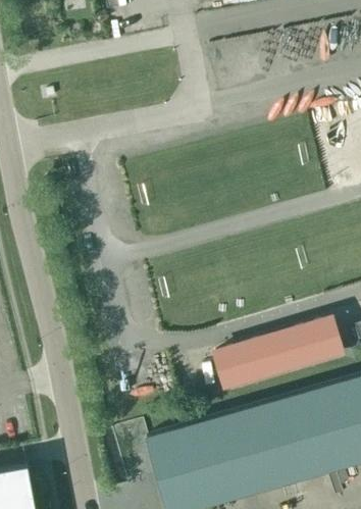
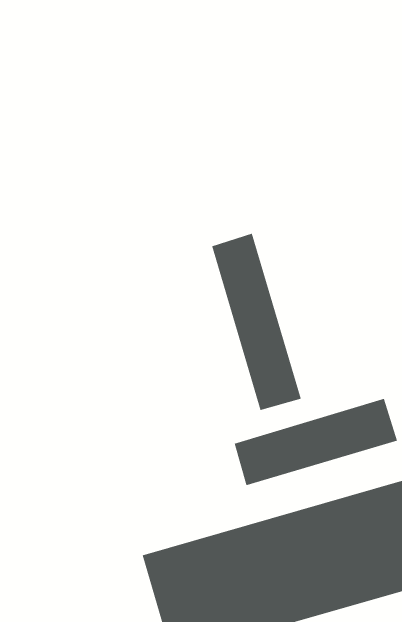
building: none -> [211,233,302,411]

